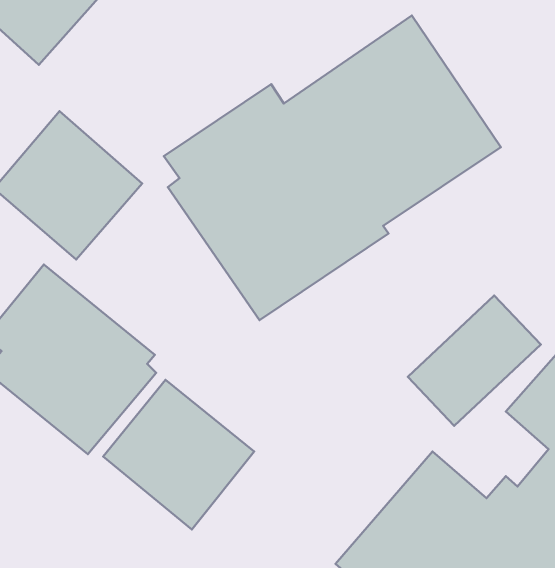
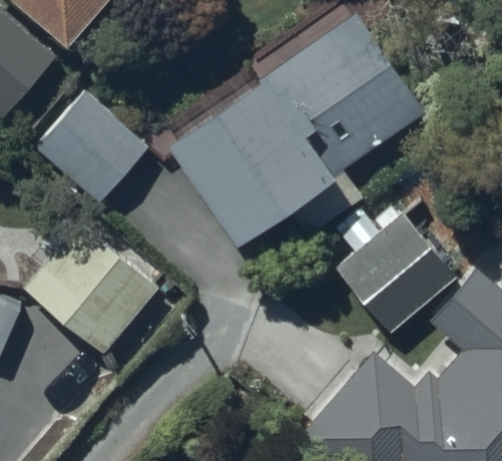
building: [103,380,254,530] -> none

